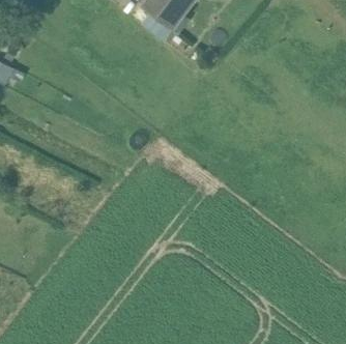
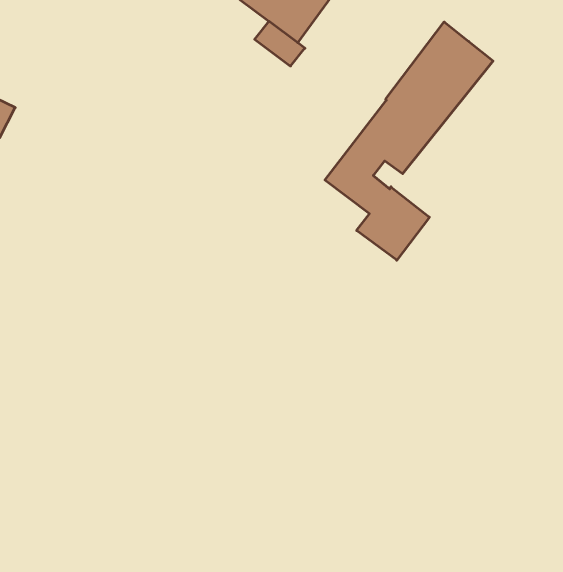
building: none -> [325,22,493,260]

